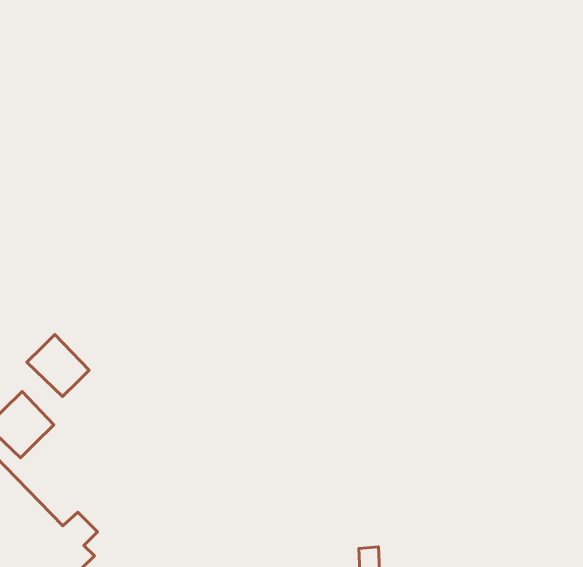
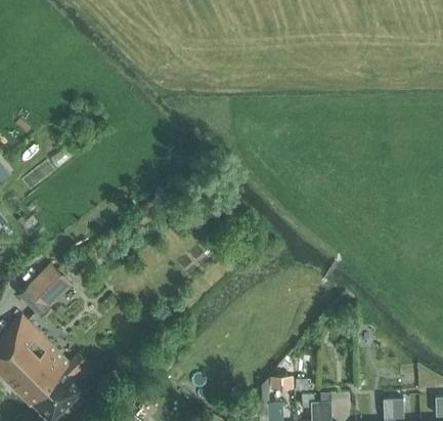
building: [27,335,89,397] -> none

